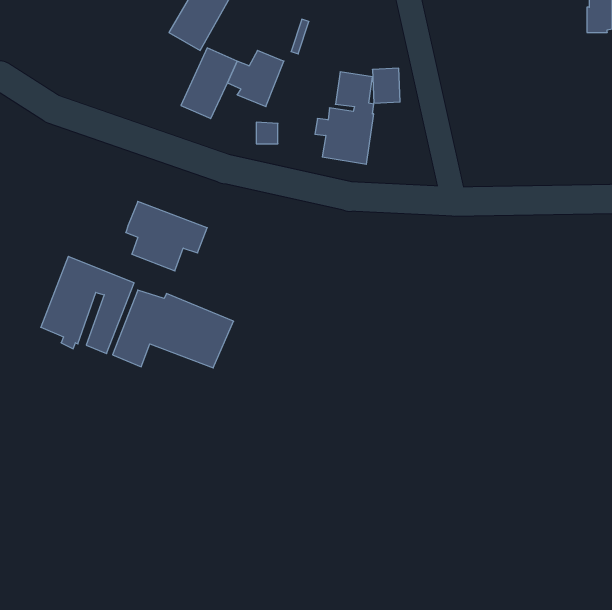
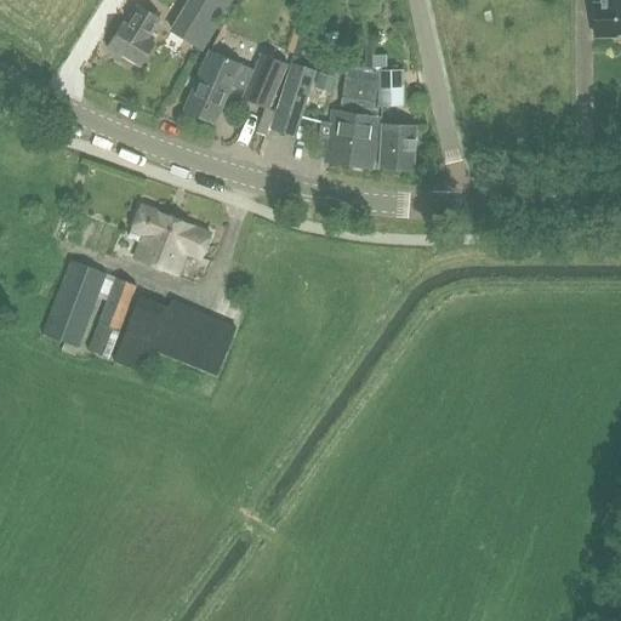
building: none -> [107,5,159,63]
building: none -> [275,62,315,114]
building: none -> [378,123,415,167]

